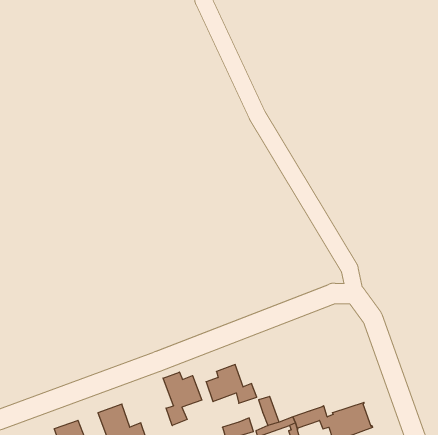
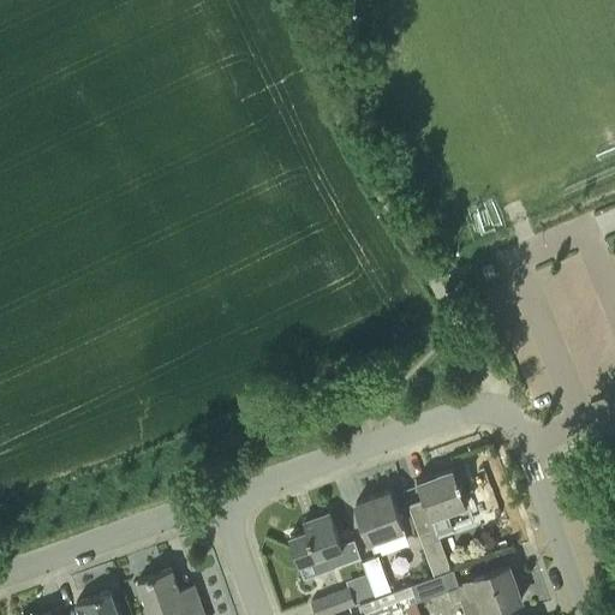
building: none -> [407,470,466,580]
building: none -> [356,494,406,555]
building: [163,372,202,426] -> none

